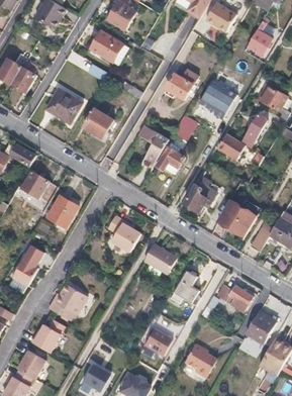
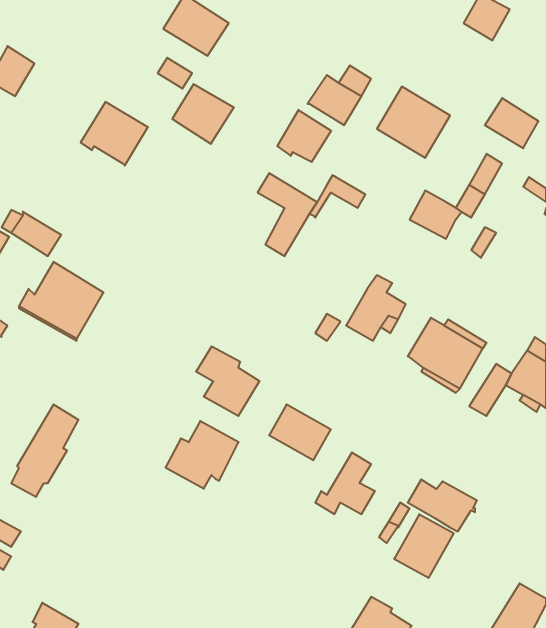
building: [11,60,37,92] -> none
building: [82,107,114,138] -> [172,84,234,144]
building: [157,146,185,174] -> [277,110,331,162]
building: [48,196,79,228] -> none
building: [43,283,82,318] -> [165,421,239,489]
building: [247,311,278,344] -> [394,514,454,578]
building: [29,324,60,353] -> none
building: [137,327,173,359] -> none

